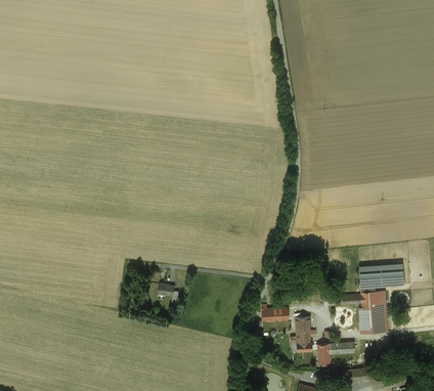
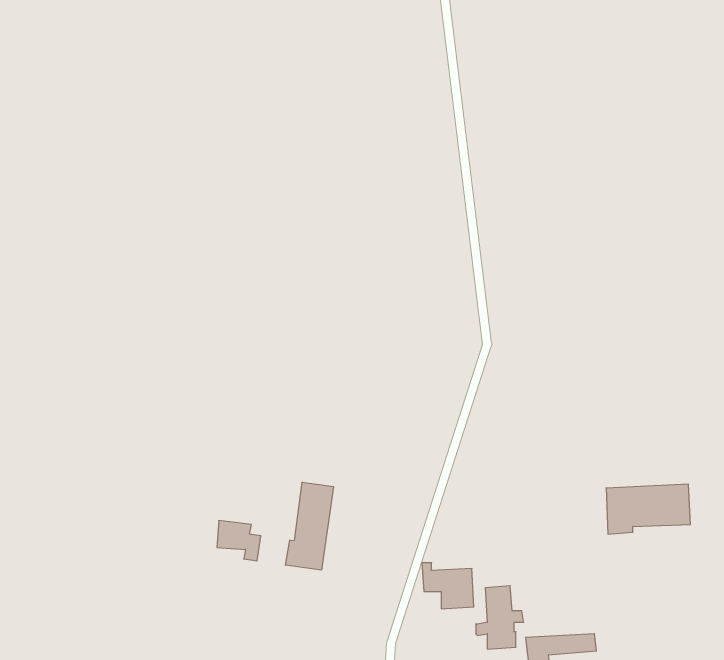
building: none -> [286,482,333,570]
building: [343,293,385,333] -> none

